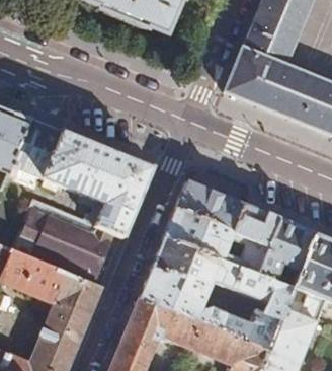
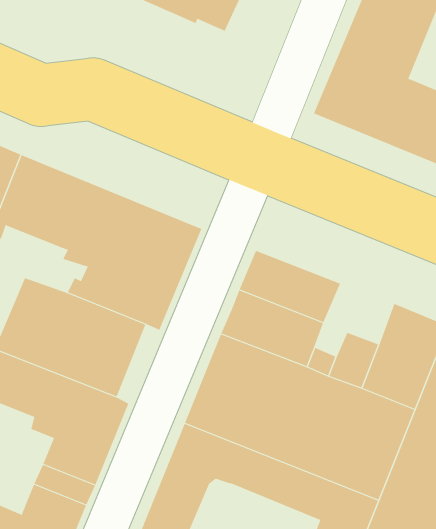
building: [233,203,279,243] -> none

